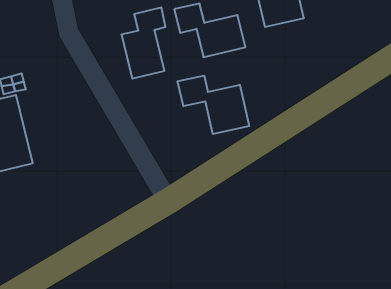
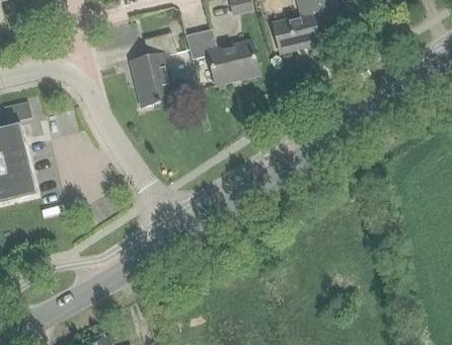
building: [178,76,249,134] -> none

